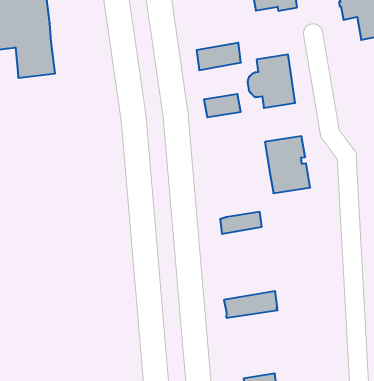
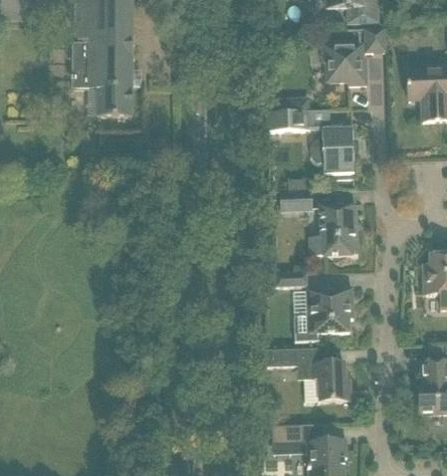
building: [204,94,241,117] -> [279,190,312,208]
building: none -> [293,287,354,340]
building: none -> [303,362,351,401]

